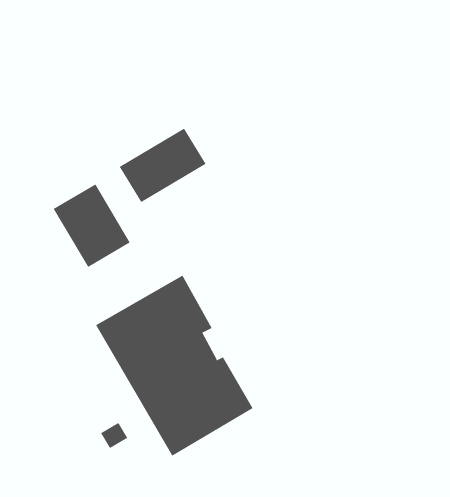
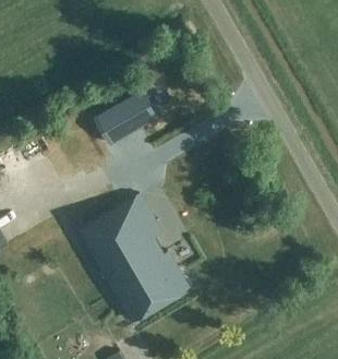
building: [53,184,131,268] -> none

